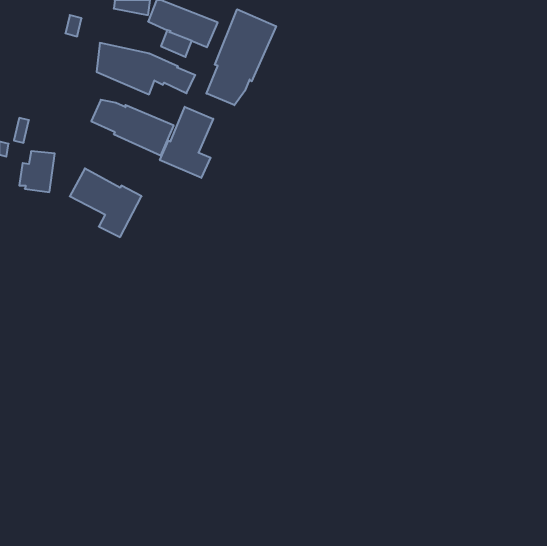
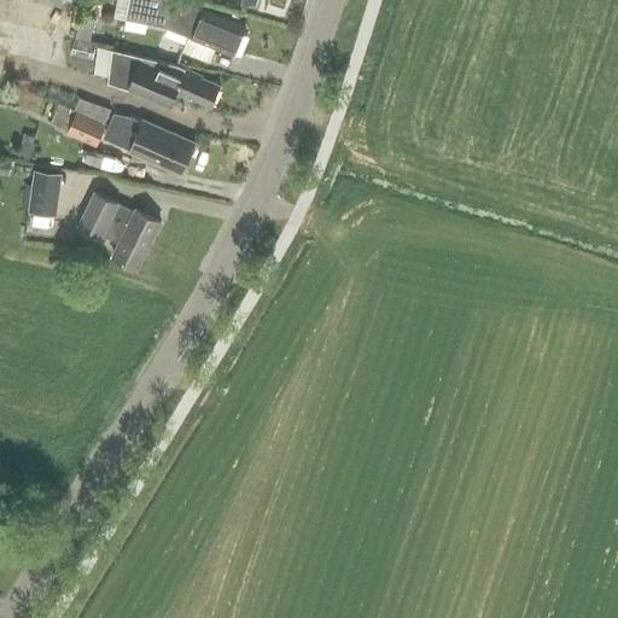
building: [206,9,276,105] -> none
building: none -> [51,100,110,146]
building: [160,107,213,178] -> none

